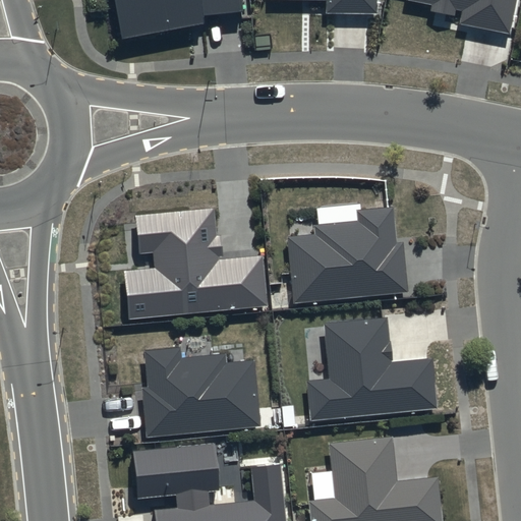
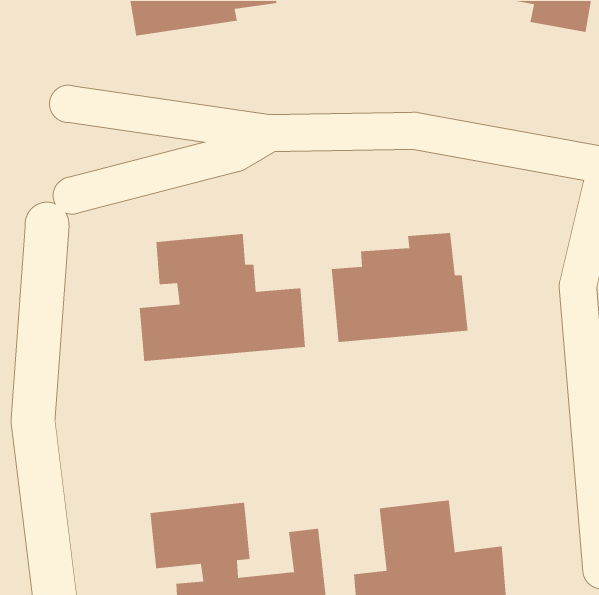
building: [307,316,437,419] -> none
building: [141,347,258,437] -> none

